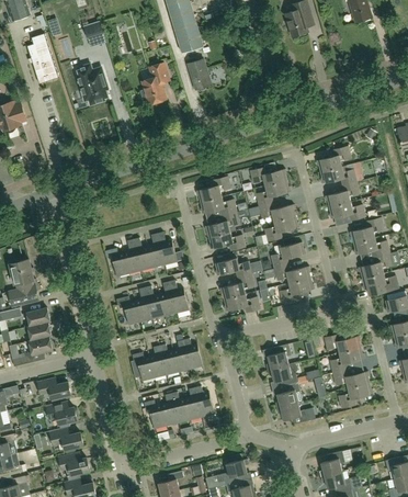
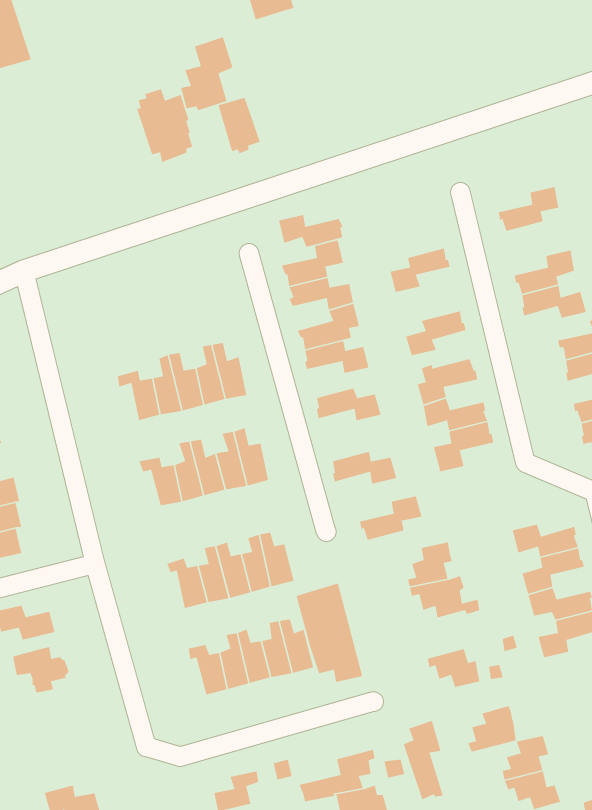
building: [186,59,211,91] -> [218,97,261,154]
building: [76,64,107,105] -> [136,88,193,163]
building: [320,165,356,184] -> none
building: [250,167,286,185] -> [278,214,343,248]
building: [259,202,295,221] -> none
building: [219,273,254,298] -> [359,495,422,541]
building: none -> [296,582,363,683]
building: [274,382,302,408] -> [467,705,517,753]
building: [49,428,82,449] -> none
building: none -> [403,720,444,800]
building: [58,454,89,478] -> none

